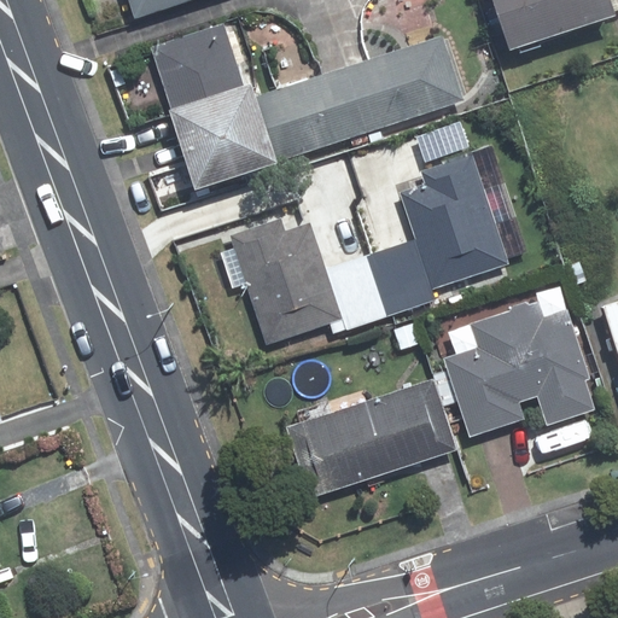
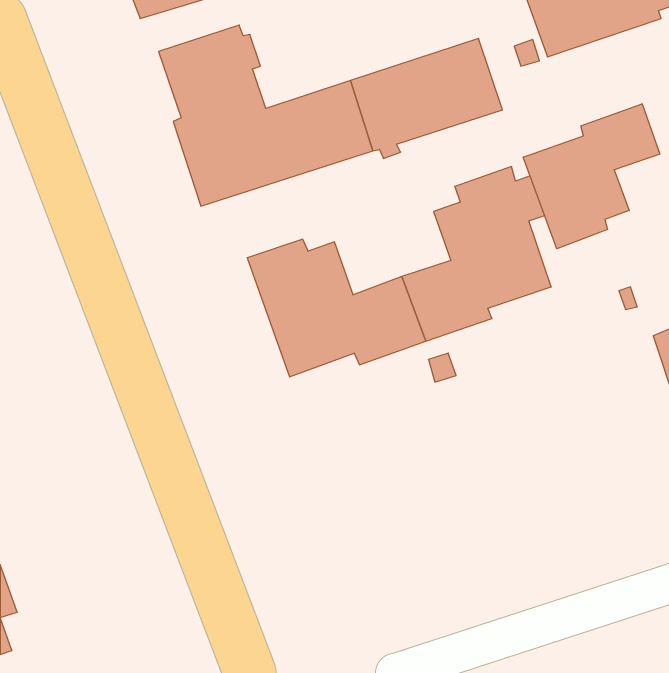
building: none -> [523,104,660,249]
building: [445,301,594,436] -> none
building: [286,379,456,499] -> none

